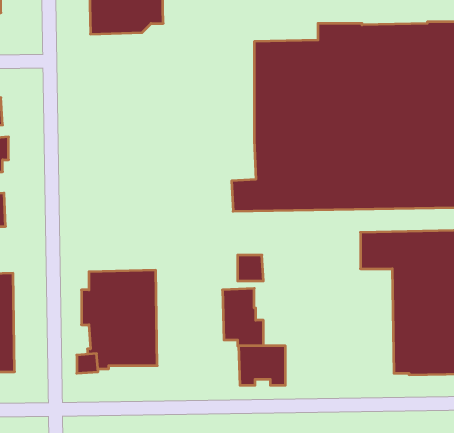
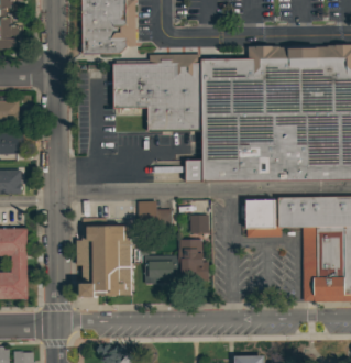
building: none -> [113,54,202,131]
building: none -> [246,199,276,238]
building: none -> [139,200,176,228]
building: [238,346,285,385] -> [144,255,178,284]

